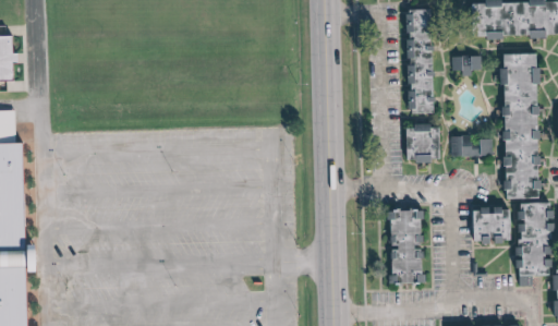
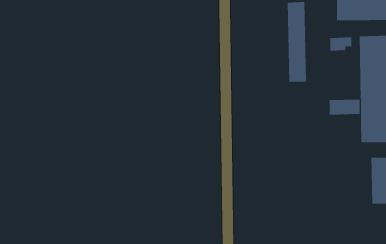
building: [404,129,437,162] -> none
building: [388,208,422,287] -> none
building: [468,212,511,241] -> none

